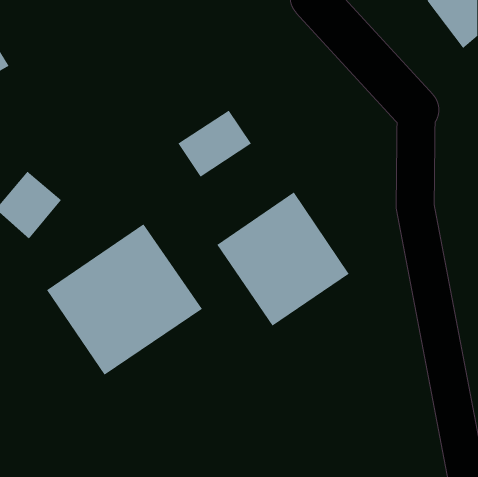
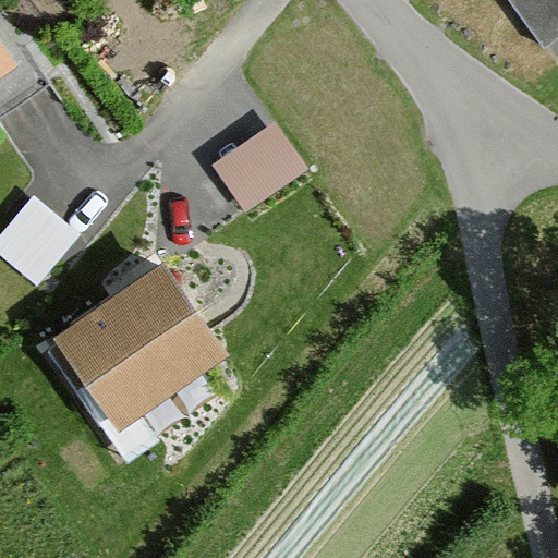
building: [217,191,350,327] -> none

